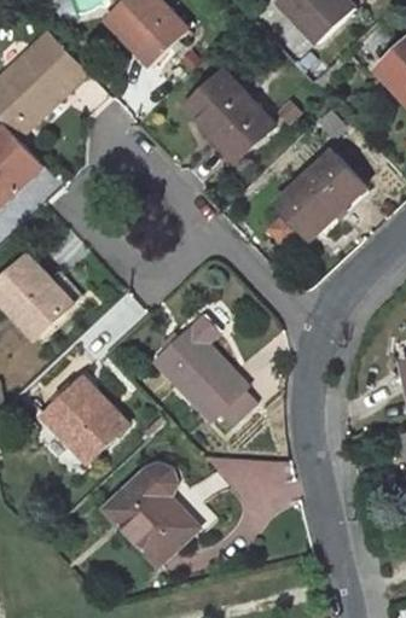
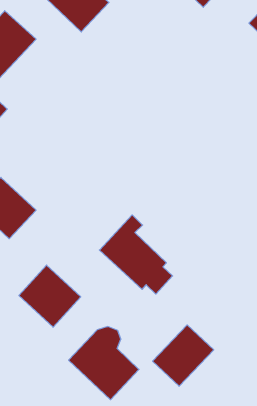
building: [181,68,273,161] -> none
building: [274,148,365,238] -> none
building: none -> [153,325,214,386]

